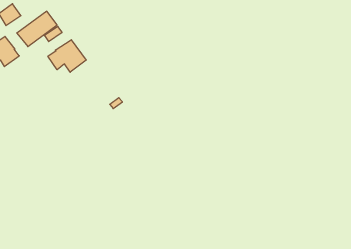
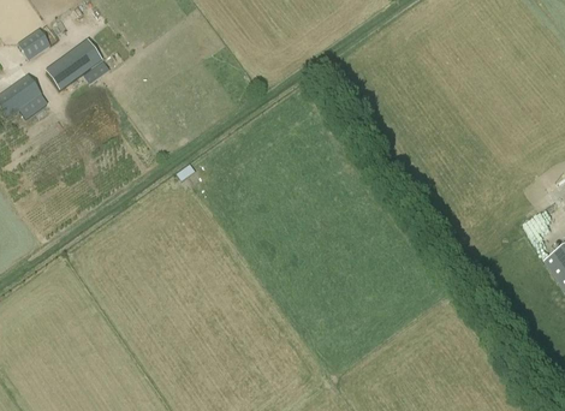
building: [48,40,86,72] -> none

